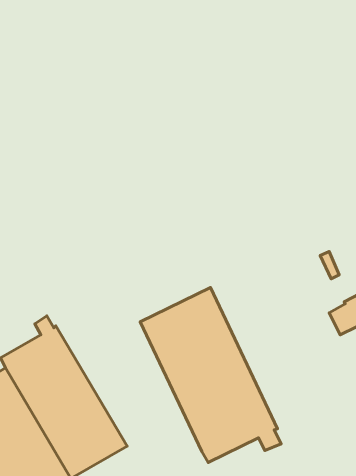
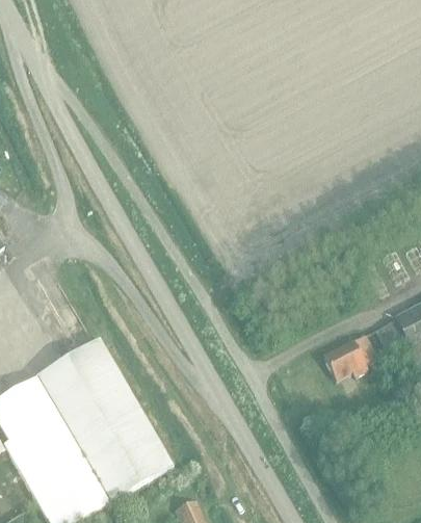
building: [140,287,281,462] -> none
building: none -> [325,334,377,377]

